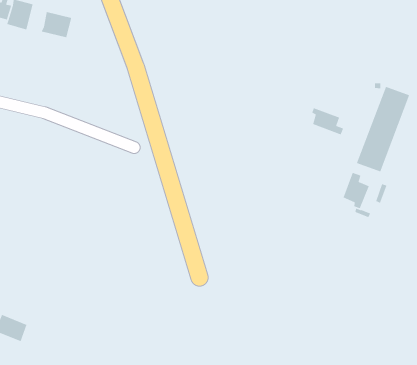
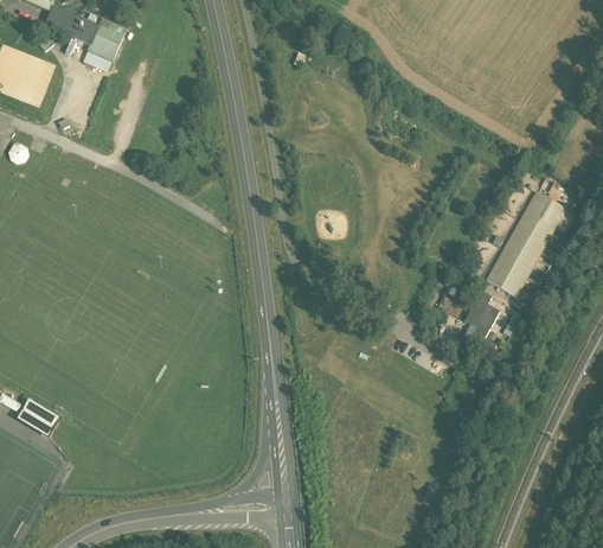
building: [41,11,72,38] -> none
building: [311,107,344,136] -> none

